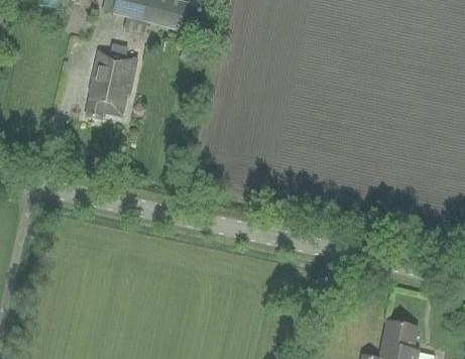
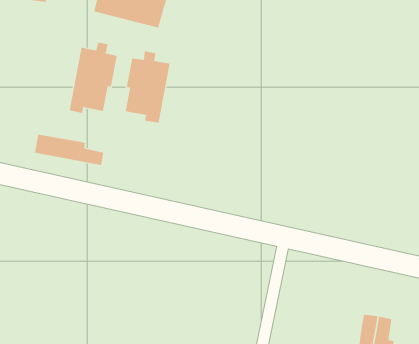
building: none -> [125,51,170,123]
building: none -> [34,134,104,166]

